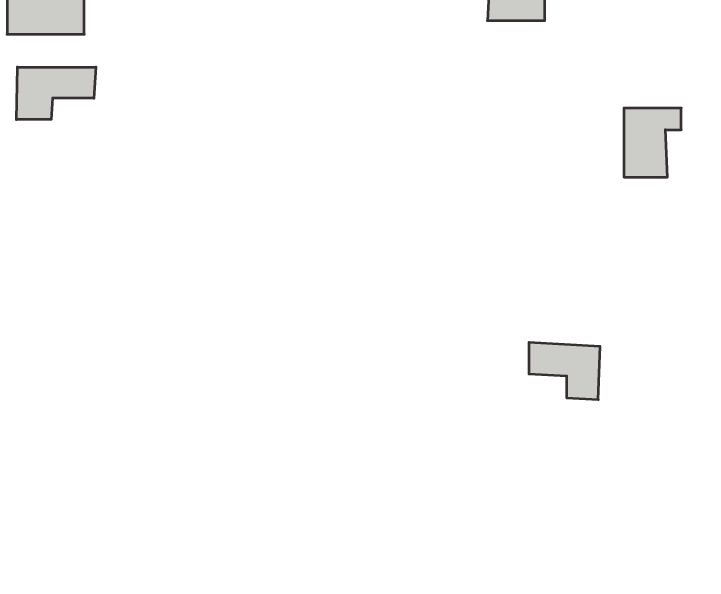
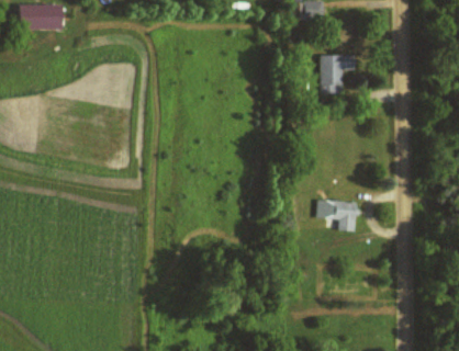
building: [16,67,96,120] -> none
building: [624,108,681,177] -> [320,55,351,93]

